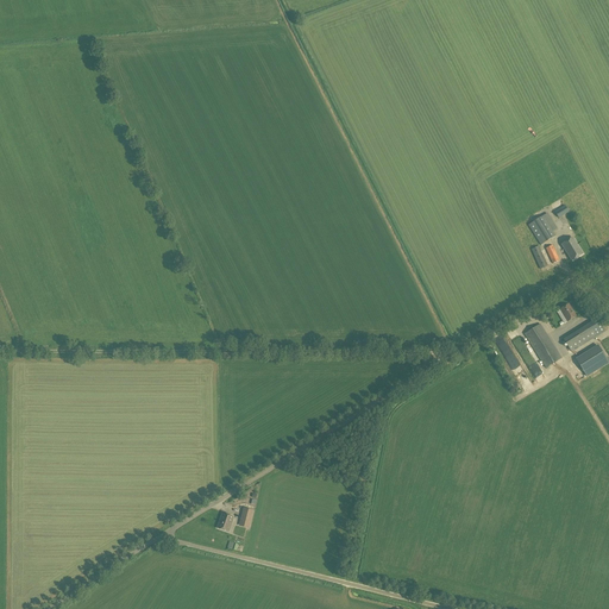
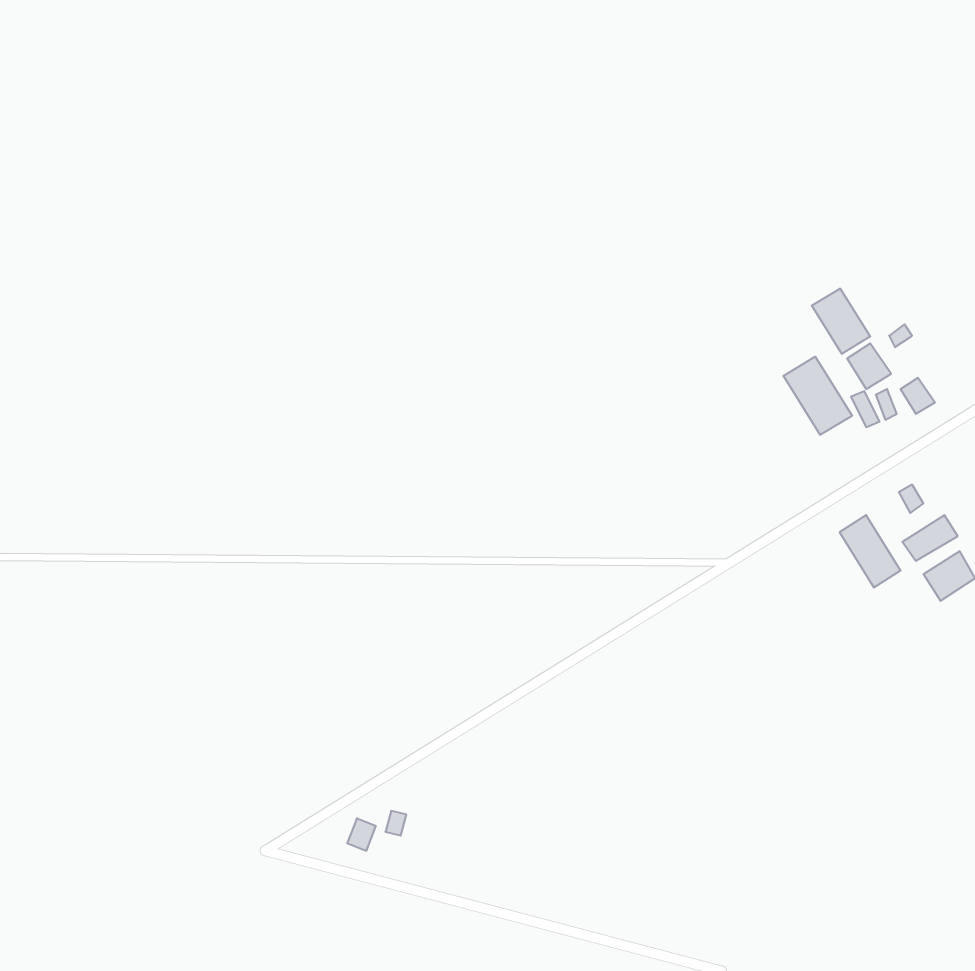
building: none -> [812,288,870,354]
building: none -> [783,357,852,435]

